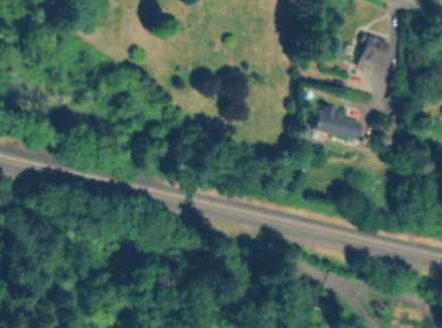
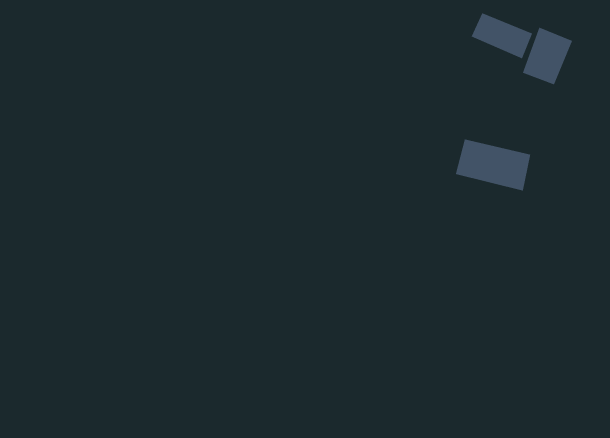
building: none -> [471,12,533,60]

